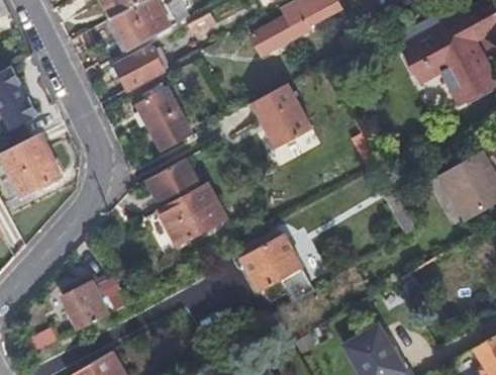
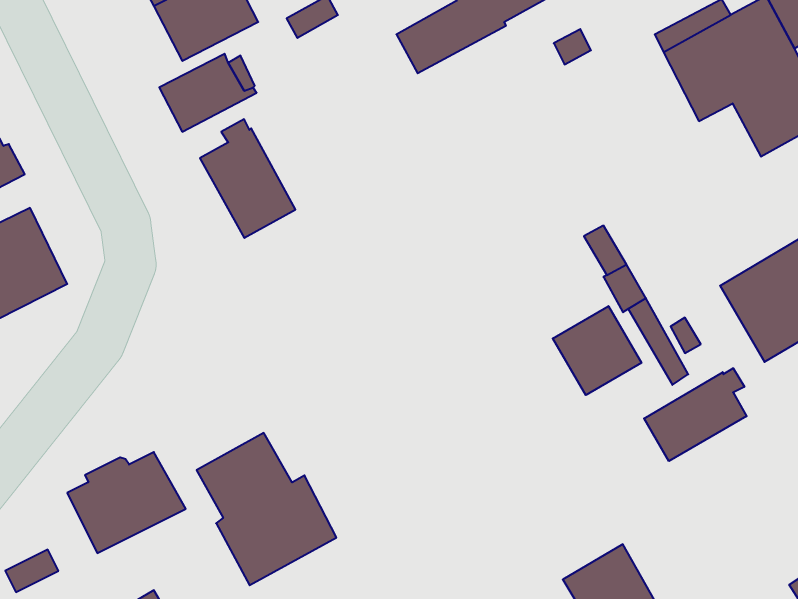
building: [252,83,312,149] -> none
building: [146,159,226,246] -> [197,433,336,585]
building: none -> [553,306,641,395]
building: none -> [644,368,747,461]
building: [241,235,302,291] -> none

